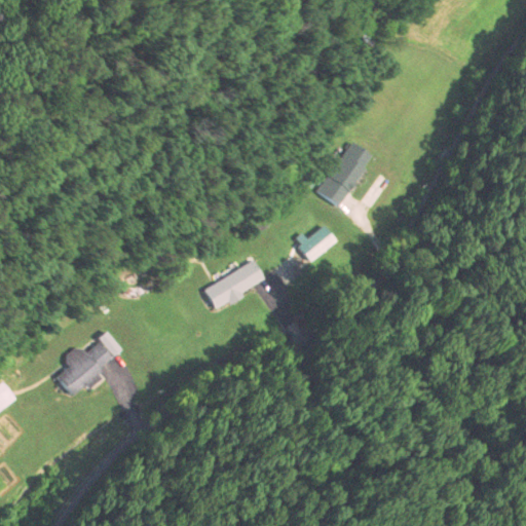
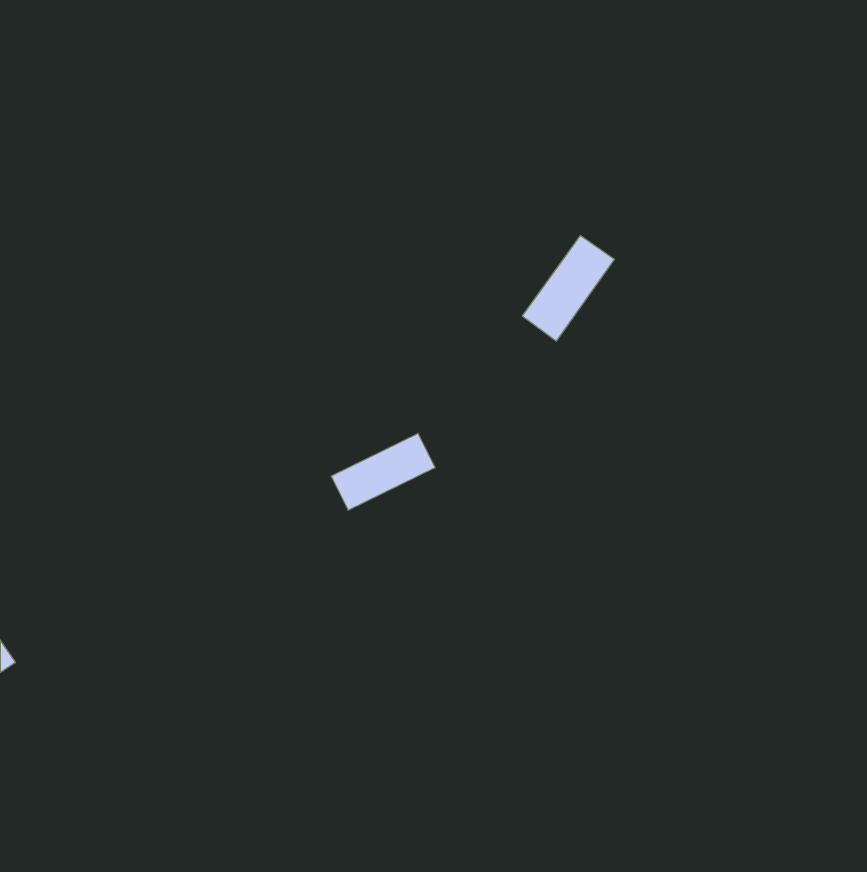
building: [300,231,330,259] -> none
building: [58,342,112,396] -> none

